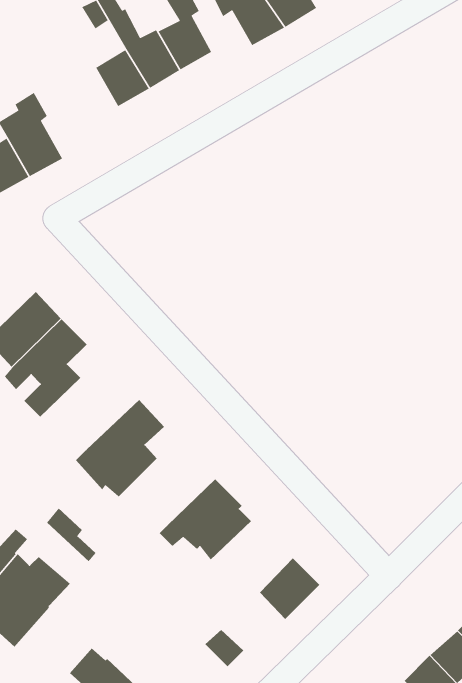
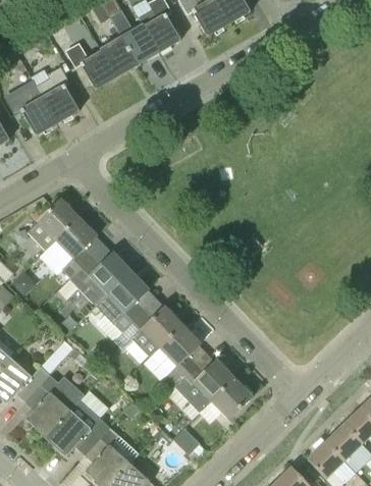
building: none -> [64,41,116,89]
building: none -> [70,252,130,305]
building: none -> [113,306,181,356]
building: none -> [173,353,233,412]
building: none -> [47,411,109,455]

